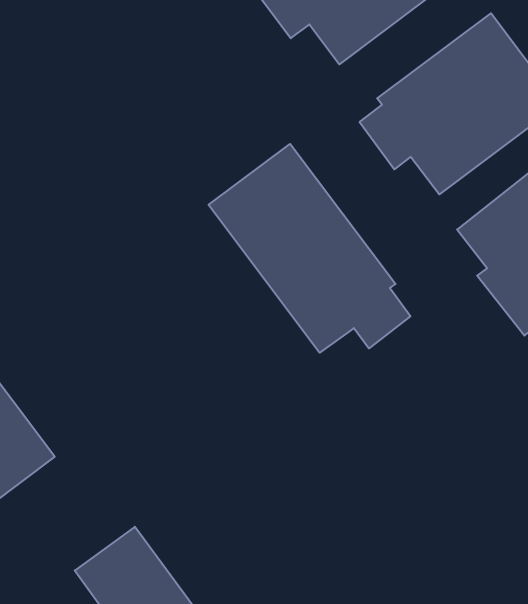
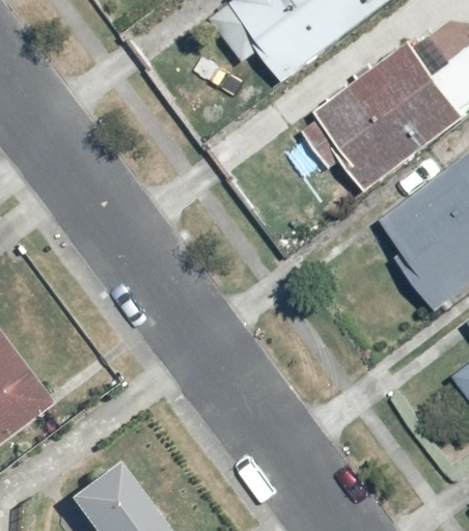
building: [209,144,410,353] -> none

